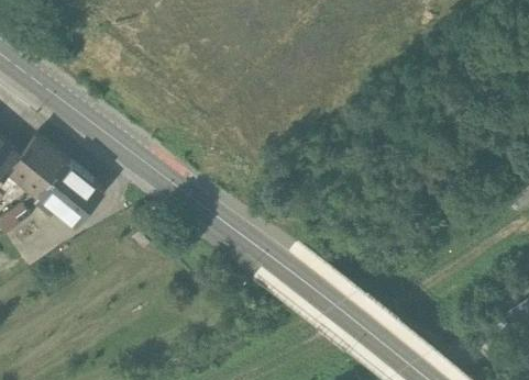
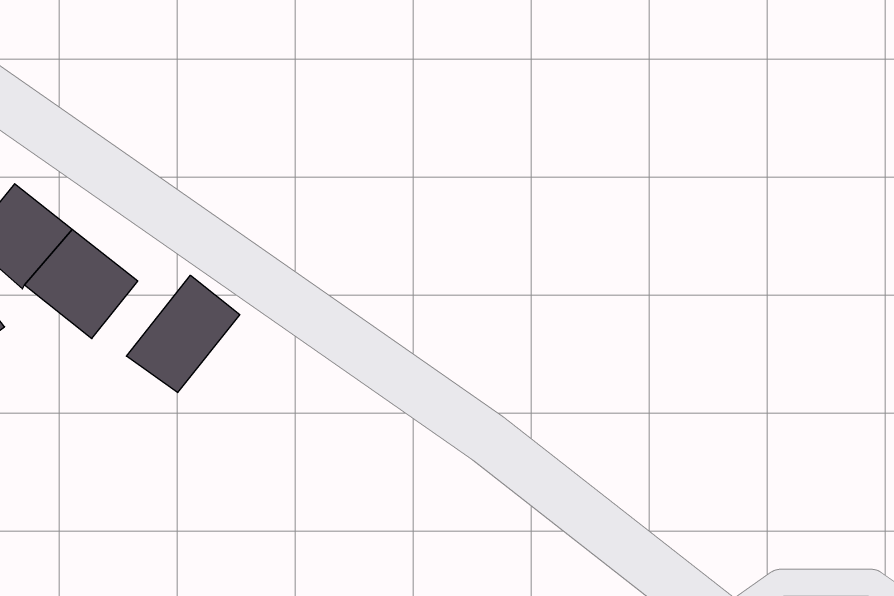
building: none -> [126,275,240,393]

